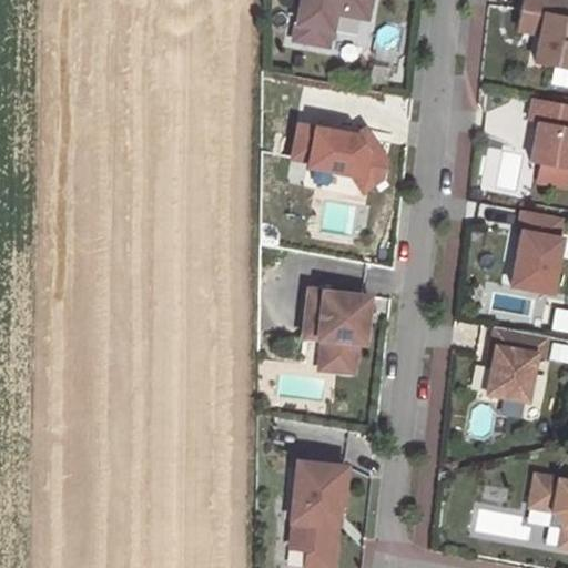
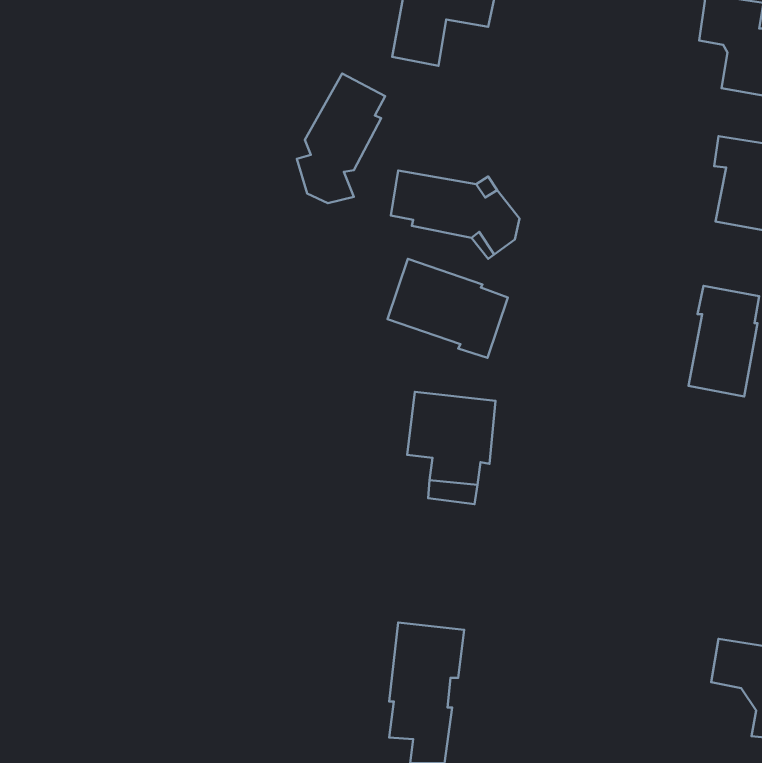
building: none -> [297,74,385,203]
building: none -> [387,259,508,358]
building: [489,327,549,402] -> none

